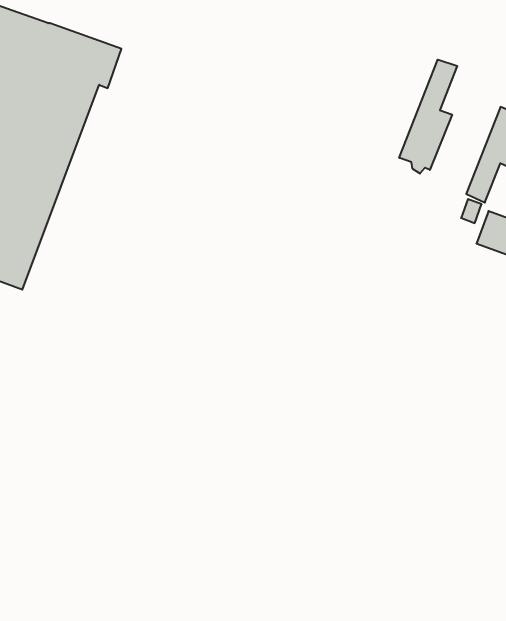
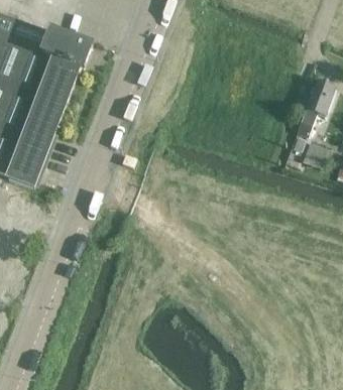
building: [399,60,457,174] -> none

